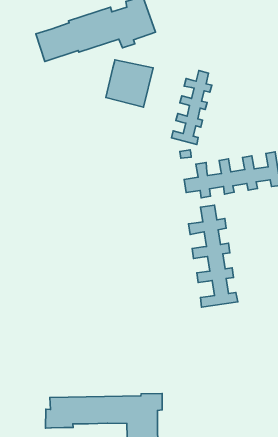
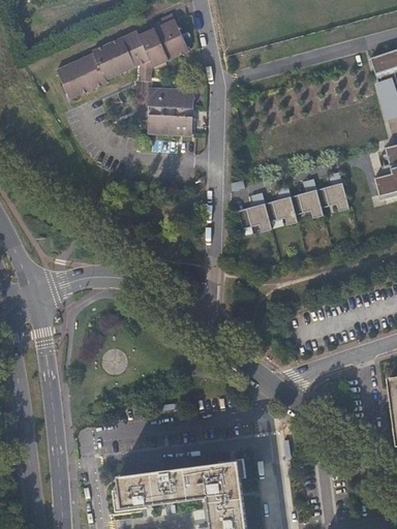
building: [171,71,212,144] -> none
building: [189,205,238,307] -> none

